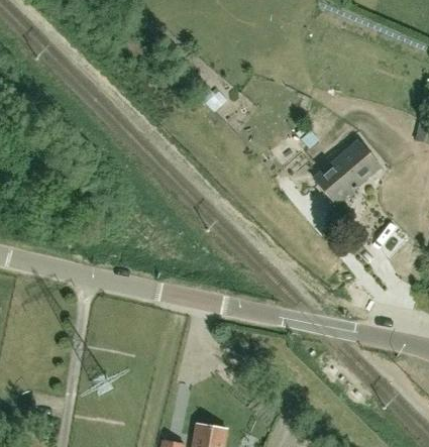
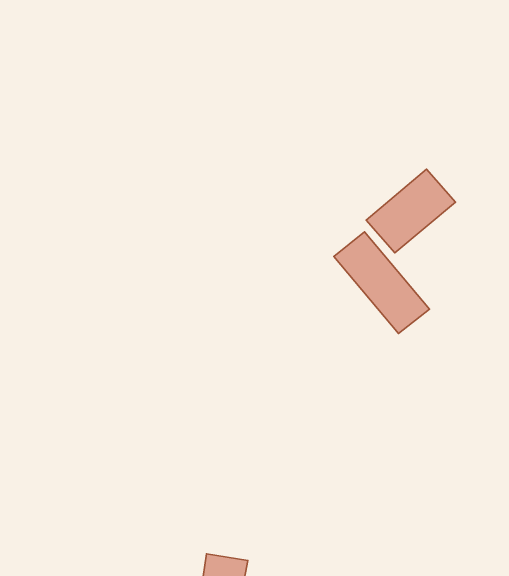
building: none -> [334,232,429,334]

